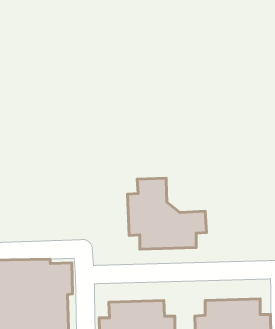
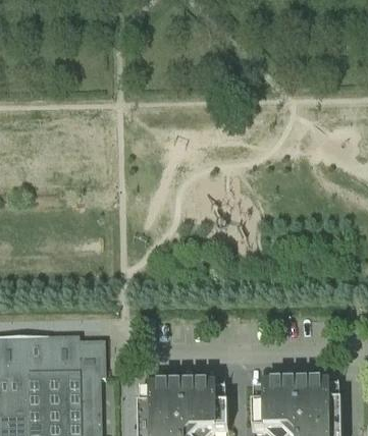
building: [127,178,207,249] -> none

